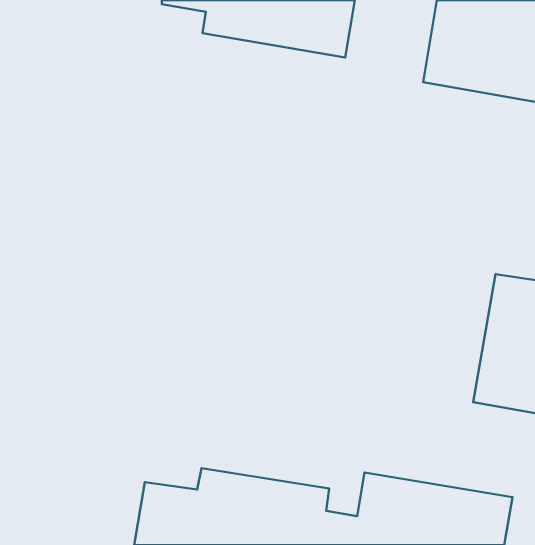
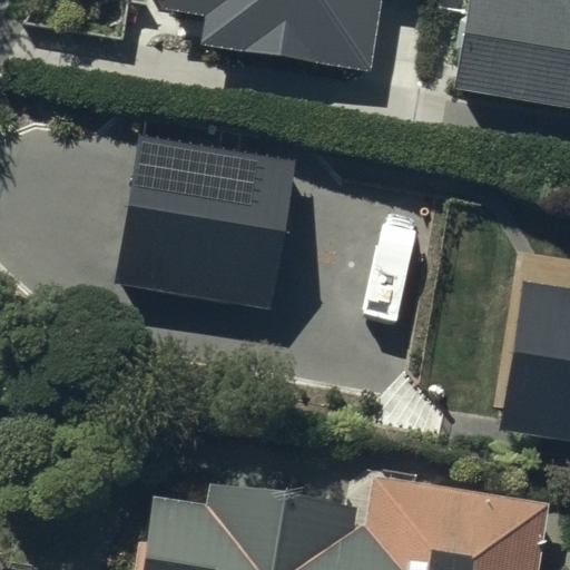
building: none -> [112,130,297,308]

